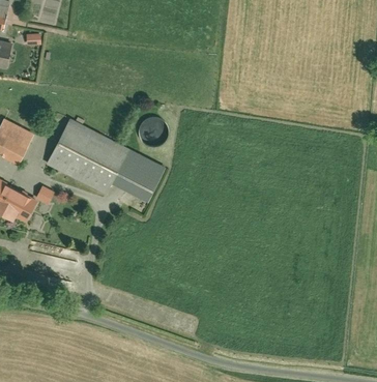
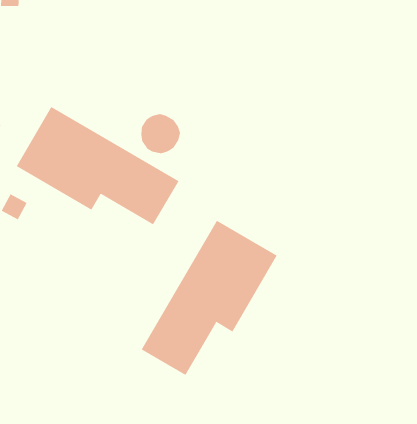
building: none -> [141,220,278,376]

